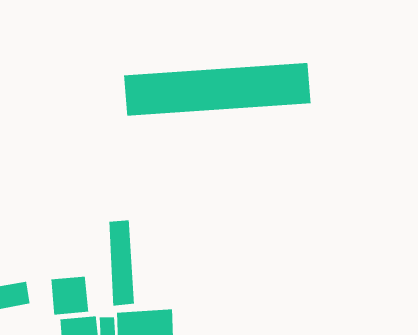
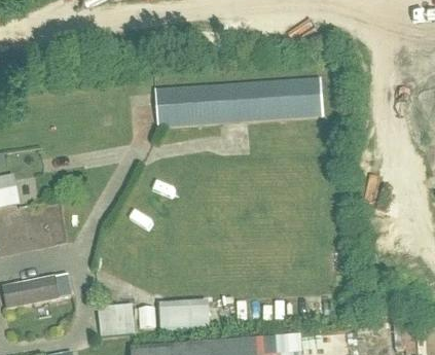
building: [108,219,135,306] -> none
building: [51,276,89,316] -> none

